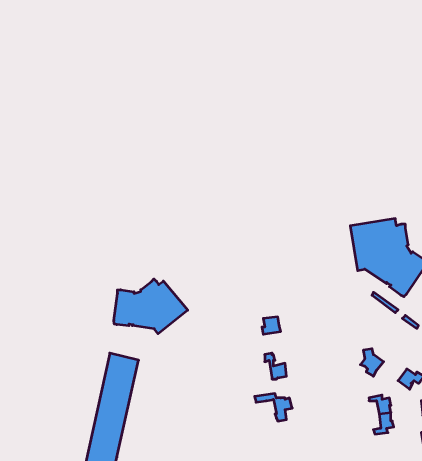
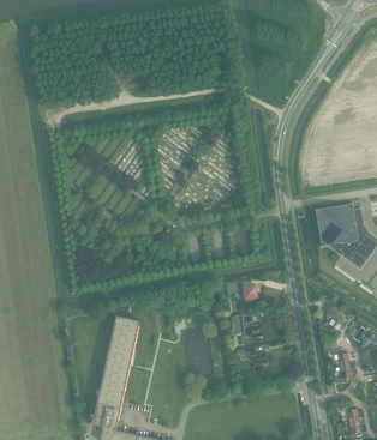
building: [114,279,188,334] -> none

